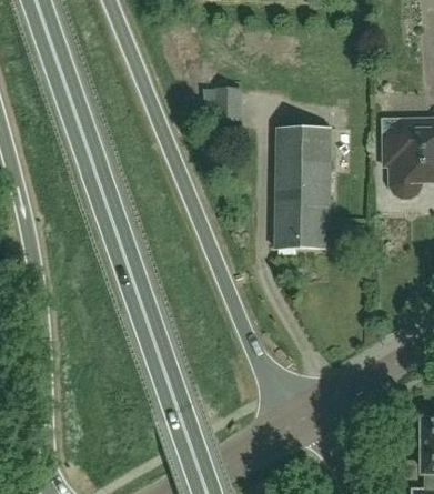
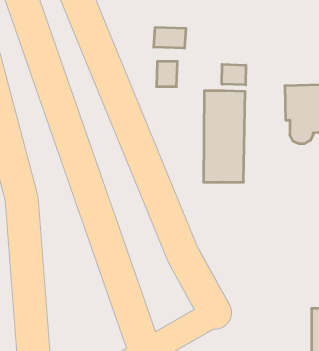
building: none -> [154,27,186,48]
building: none -> [222,64,246,85]

